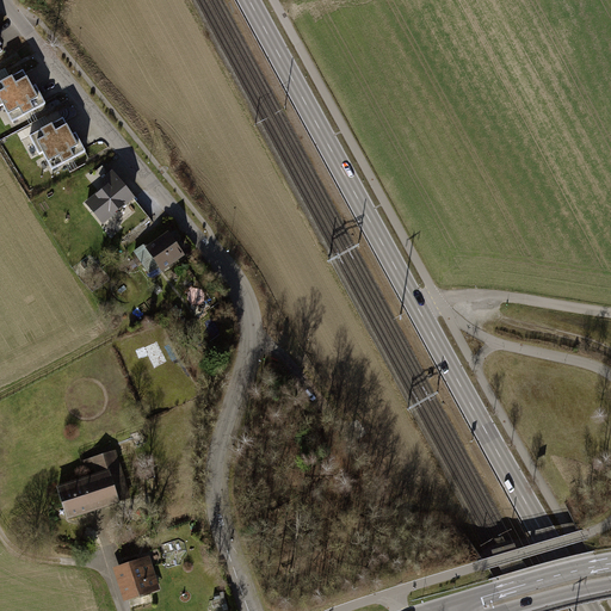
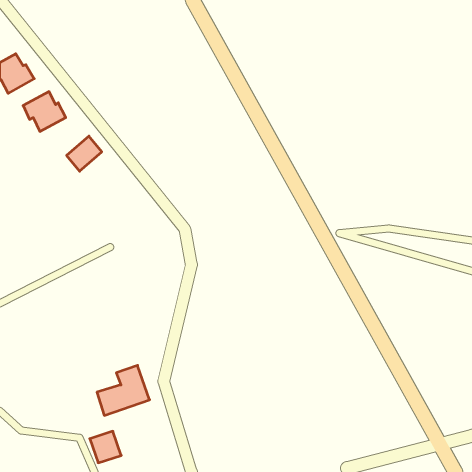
building: [147,233,180,267] -> none
building: [57,451,125,516] -> [97,365,150,415]

